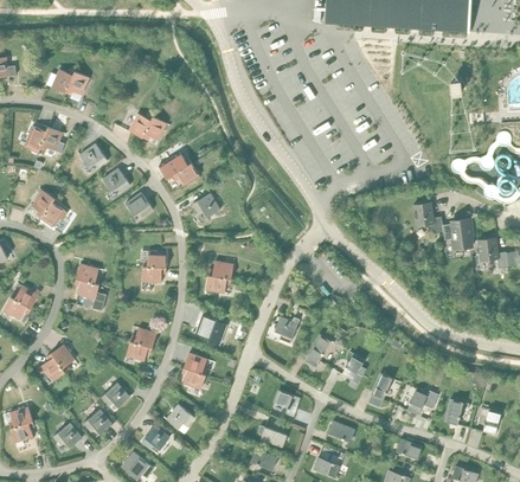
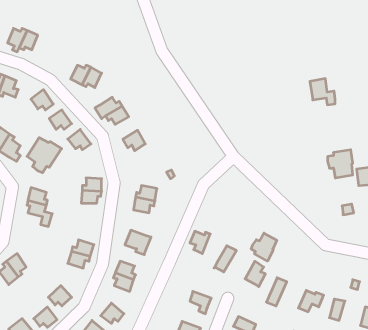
building: [411,200,442,232] -> [310,79,335,105]
building: none -> [27,138,62,173]
building: none -> [251,233,277,261]

